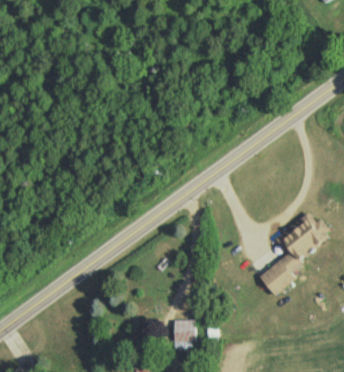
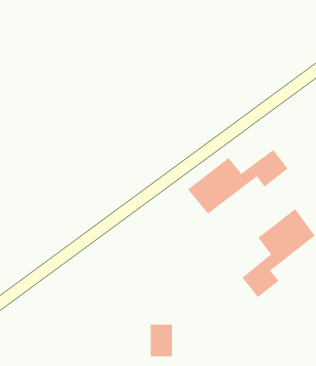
building: none -> [187,149,288,215]

